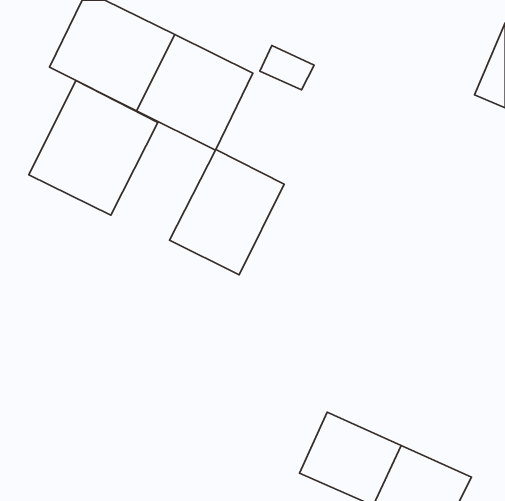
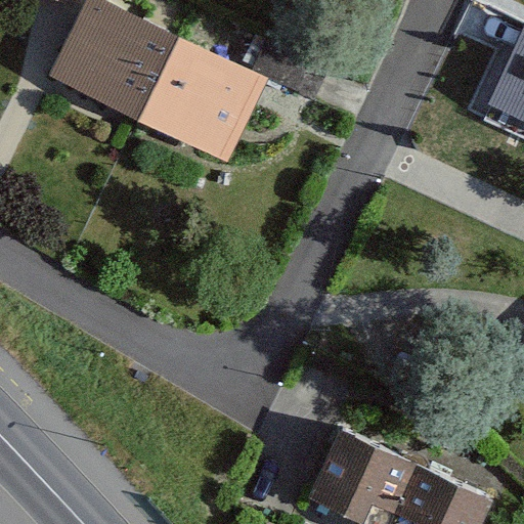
building: [29,80,158,215] -> none
building: [170,149,284,275] -> none

